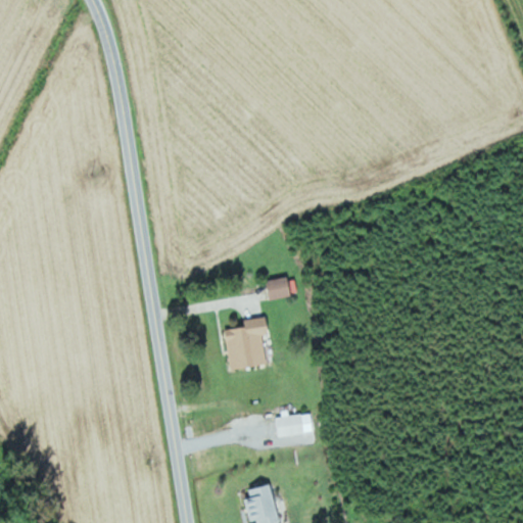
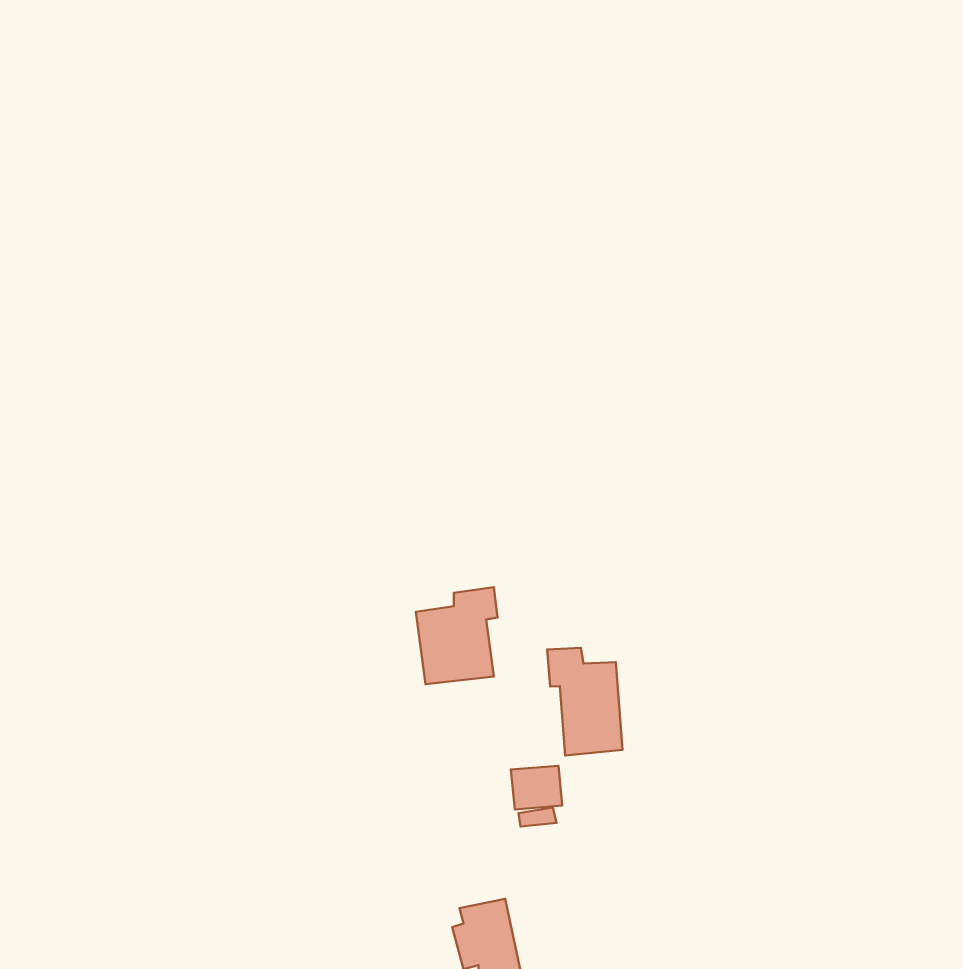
building: [265,276,291,300] -> none
building: none -> [547,648,622,756]

